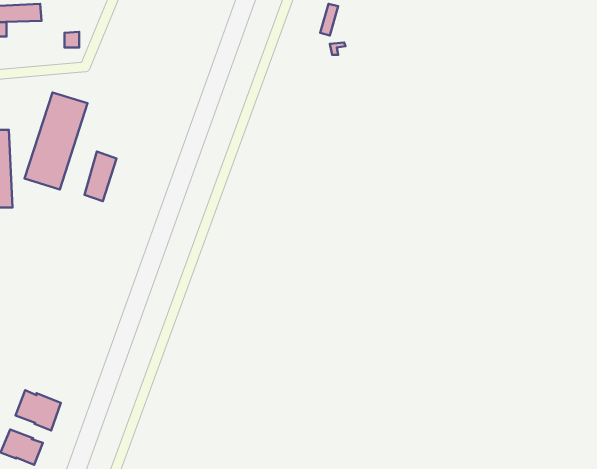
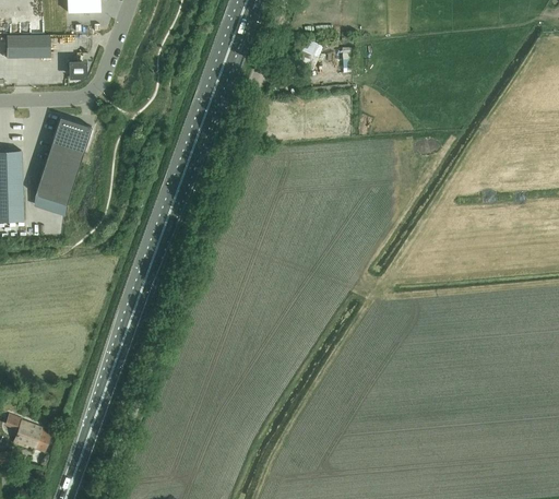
building: [84,152,117,201] -> none
building: [16,390,61,430] -> none

